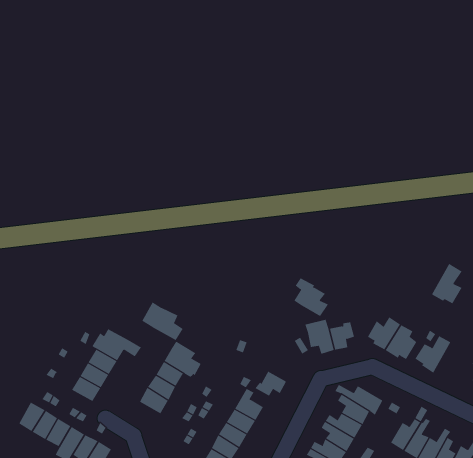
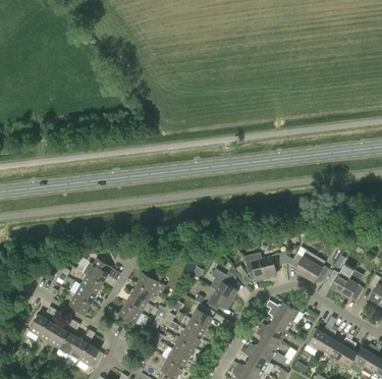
building: [431,263,462,304] -> [340,269,364,300]
building: [293,277,329,317] -> [210,269,236,299]
building: [141,301,183,341] -> none

